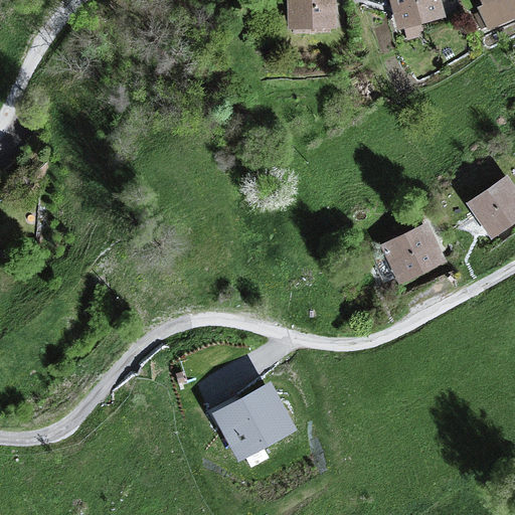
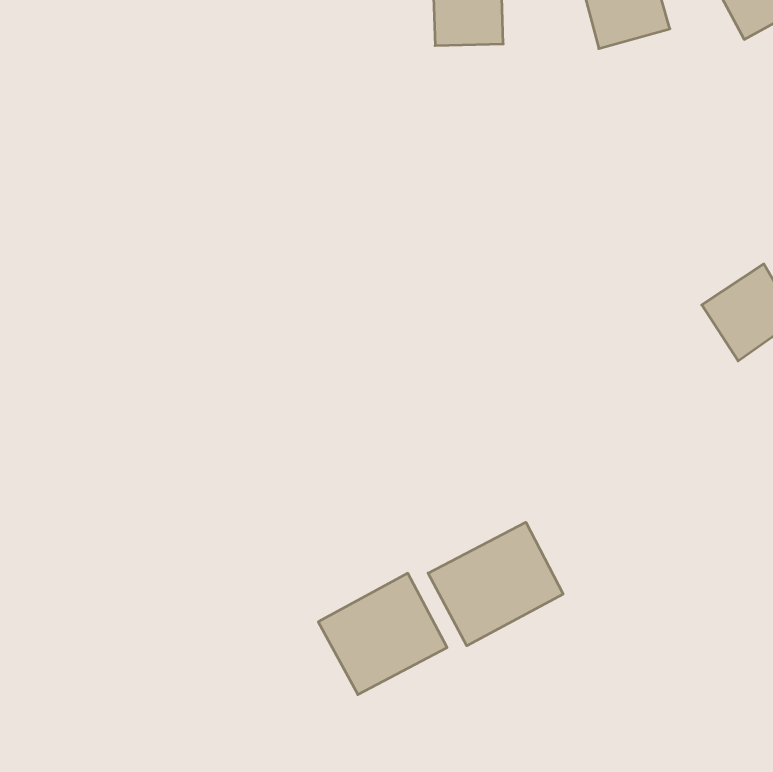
building: [379,223,445,285] -> none
building: none -> [428,522,563,646]

